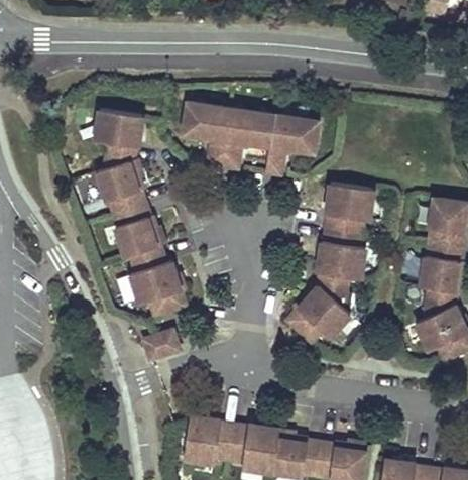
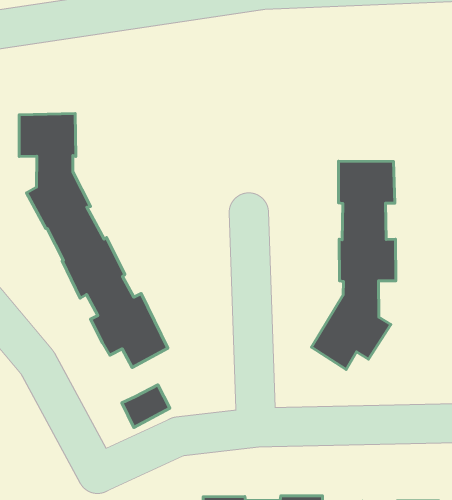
building: [186,102,322,174] -> none

